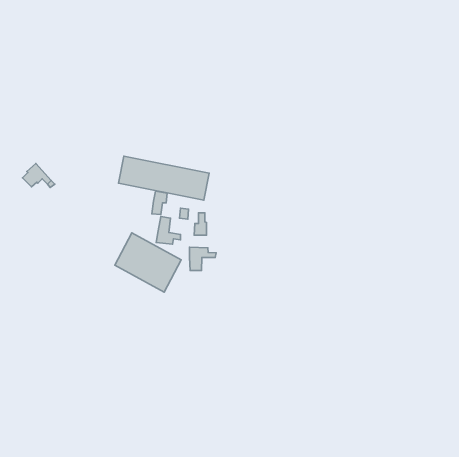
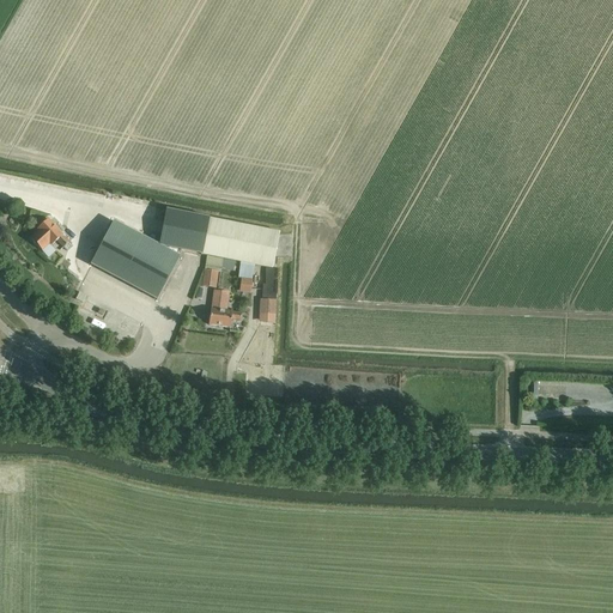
building: [115,233,181,292] -> [91,220,180,299]
building: [190,247,216,271] -> none

